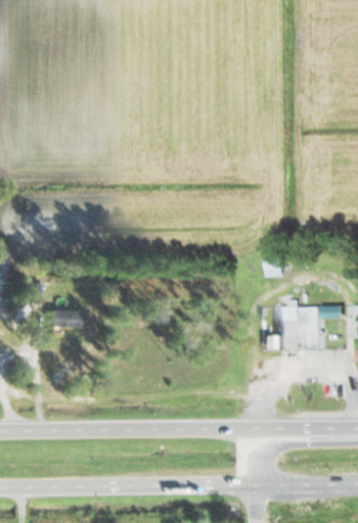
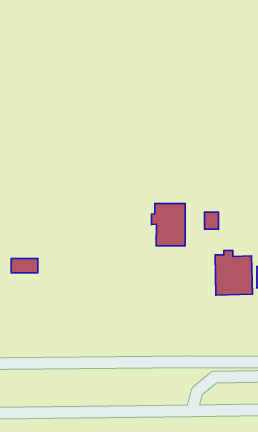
building: none -> [151,204,185,246]

